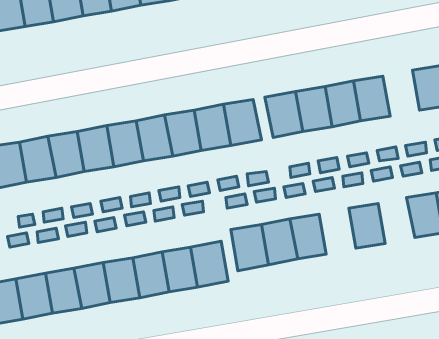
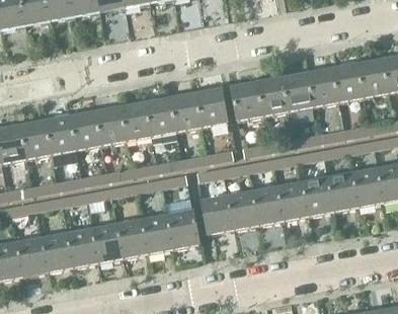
building: none -> [331,62,363,101]
building: none -> [327,171,359,211]
building: none -> [276,180,308,220]

